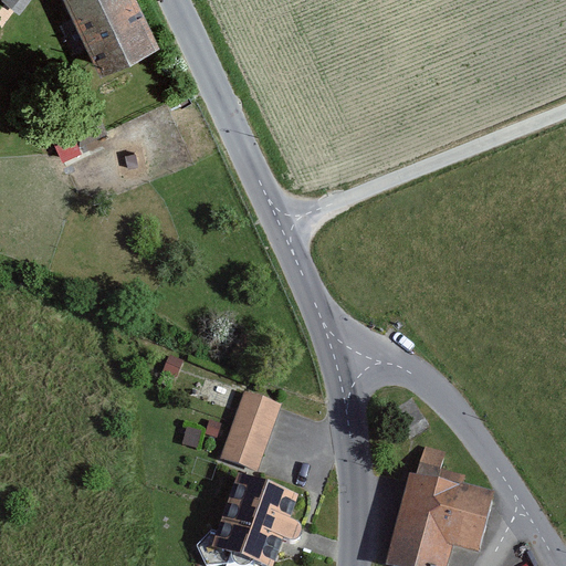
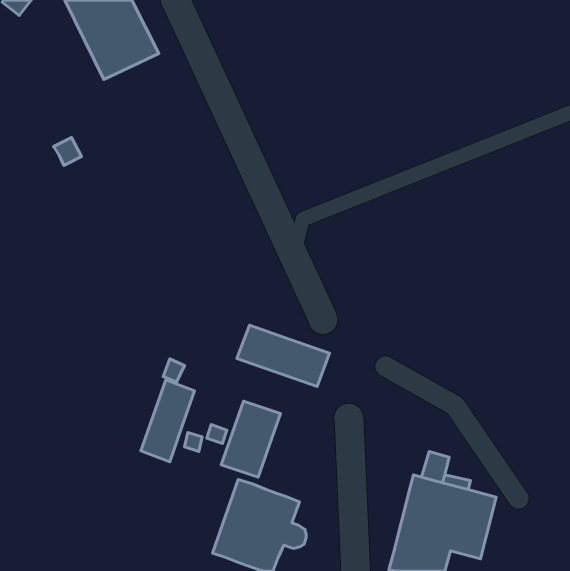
building: none -> [237,325,330,387]
building: none -> [141,380,195,462]

